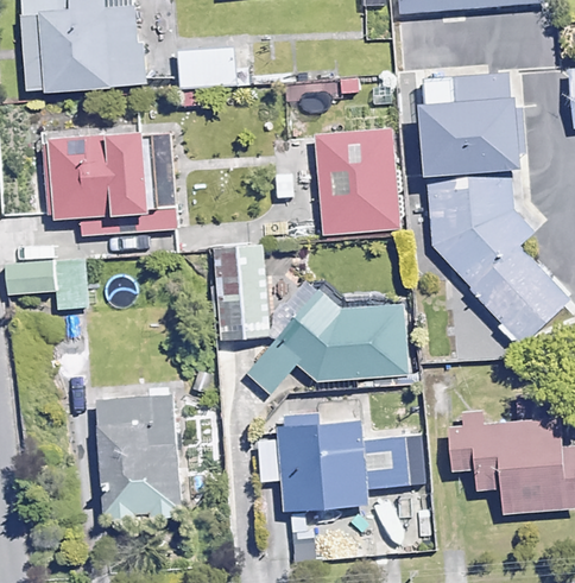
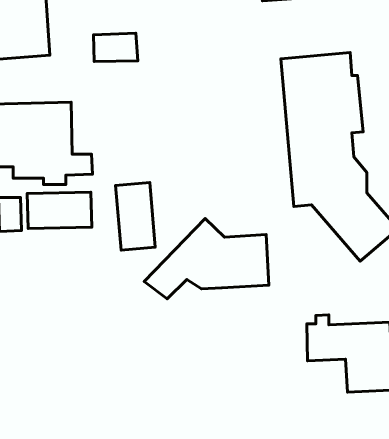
building: [314,126,403,227] -> none
building: none -> [27,192,92,229]
building: [72,394,157,511] -> none
building: [258,424,409,530] -> none

